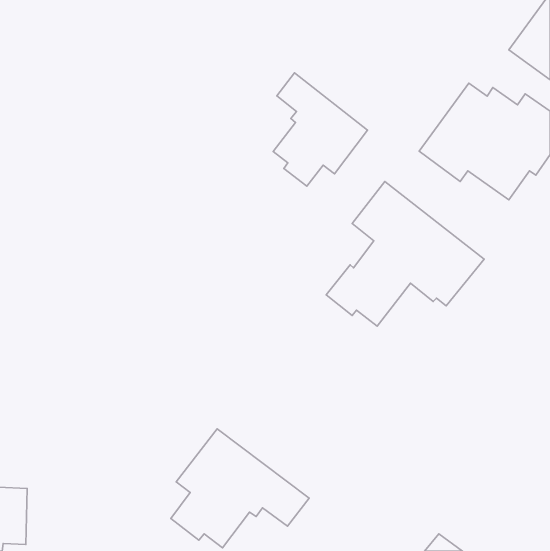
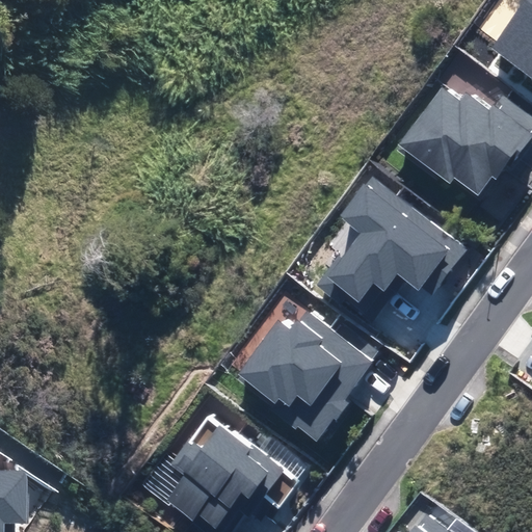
building: [273,73,368,186] -> none
building: none -> [235,309,379,440]

